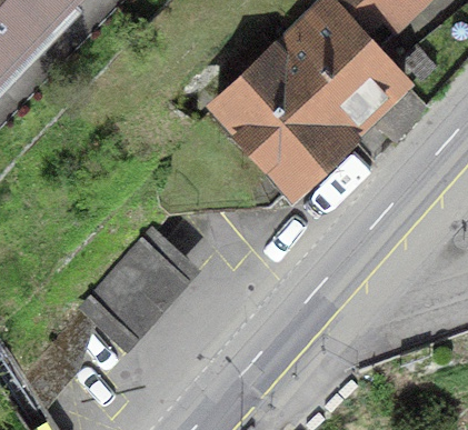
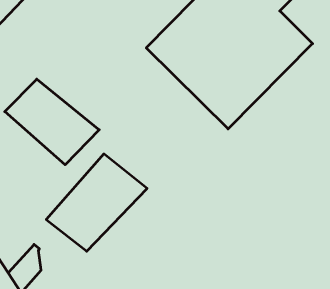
building: none -> [5,79,99,165]

